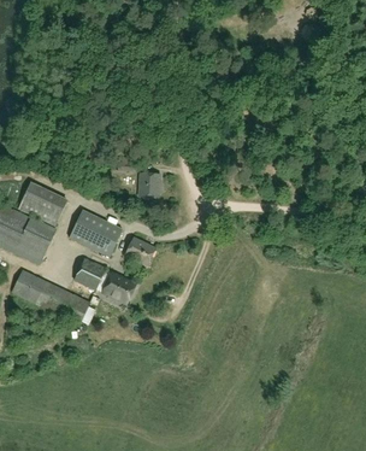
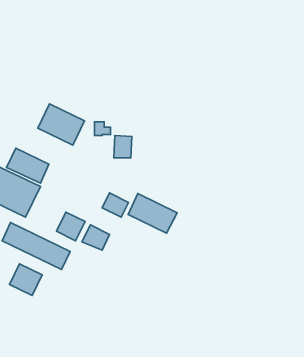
building: [69,210,122,257] -> [38,104,85,145]
building: none -> [128,193,177,233]
building: none -> [10,264,42,295]

